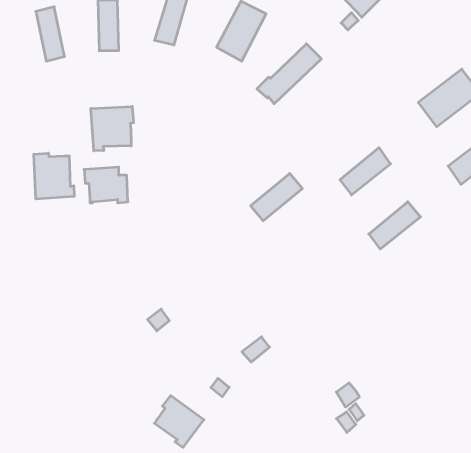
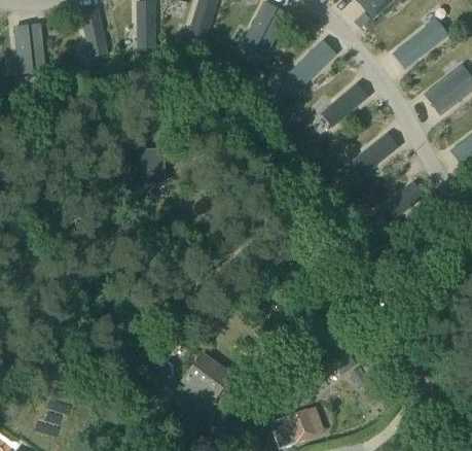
building: none -> [392,18,446,69]
building: [91,106,134,151] -> none
building: [34,153,74,199] -> none
building: [251,173,302,221] -> [322,83,368,126]

